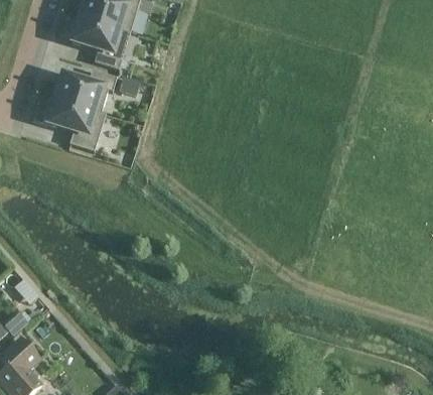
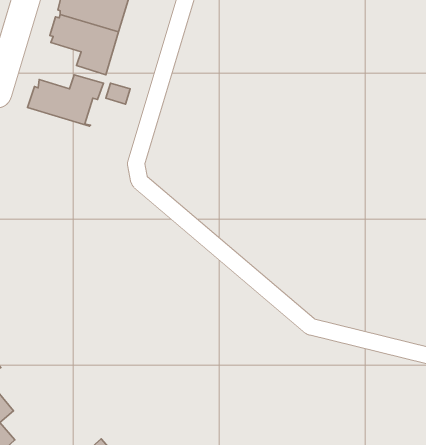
building: [46,98,105,151] -> none

